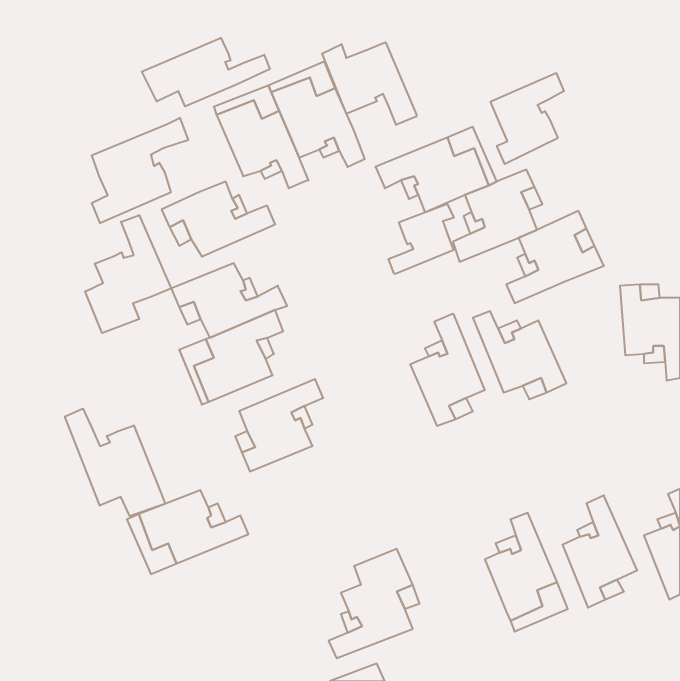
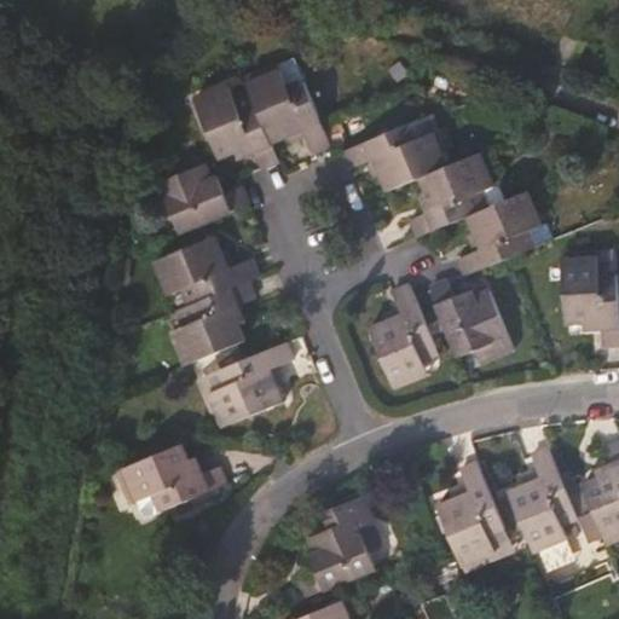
building: [142,38,270,106] -> none
building: [322,42,417,125] -> none
building: [491,73,564,164] -> none
building: [92,118,188,223] -> none
building: [388,204,454,274] -> none
building: [85,215,171,333] -> none
building: [65,409,165,516] -> none

